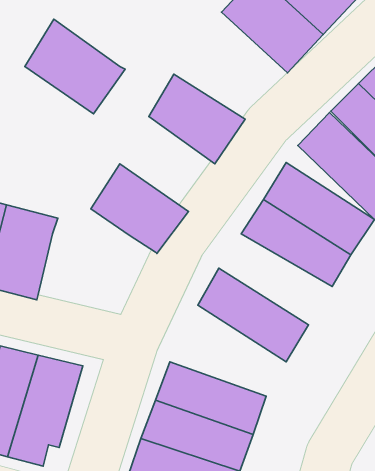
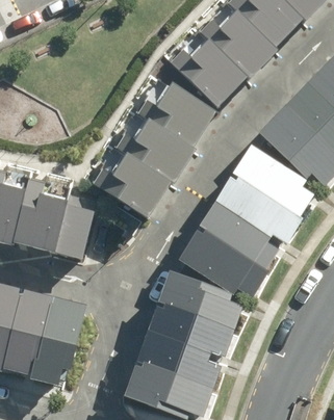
building: none -> [171,27,250,105]
building: [25,19,125,114] -> [118,109,197,184]
building: none -> [53,202,96,257]
building: none -> [196,202,285,273]
building: none -> [157,273,243,330]

